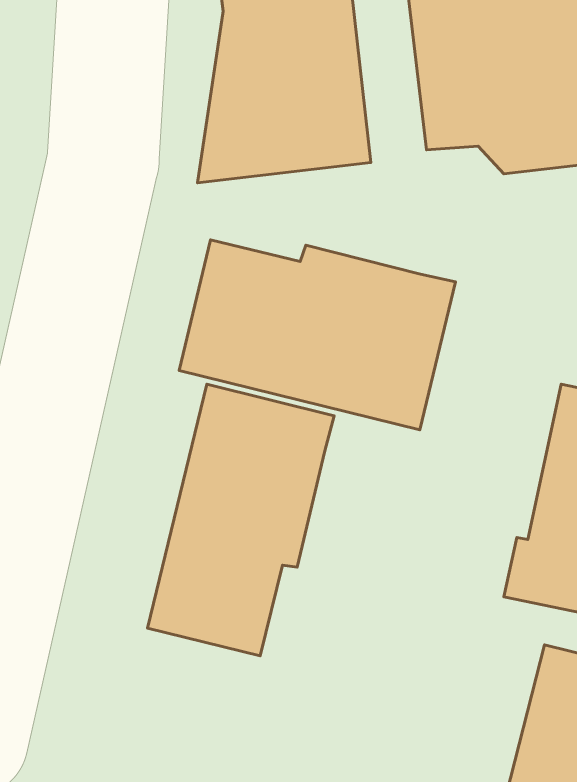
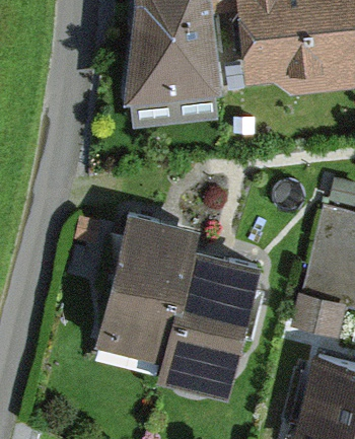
building: [179,240,456,430] -> none
building: none -> [152,251,257,397]

